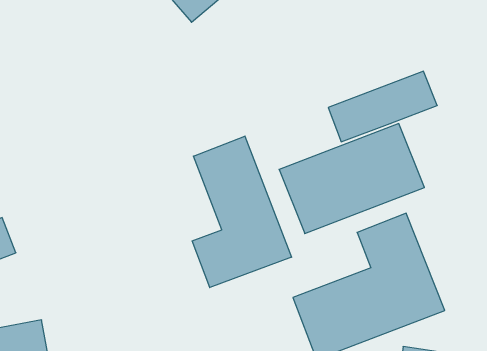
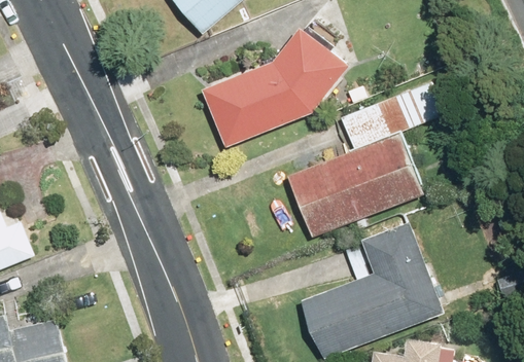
building: none -> [201,26,351,147]
building: [192,136,292,288] -> none

